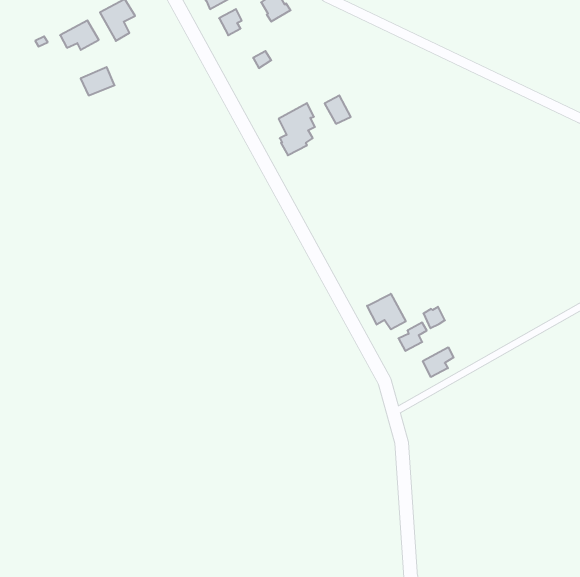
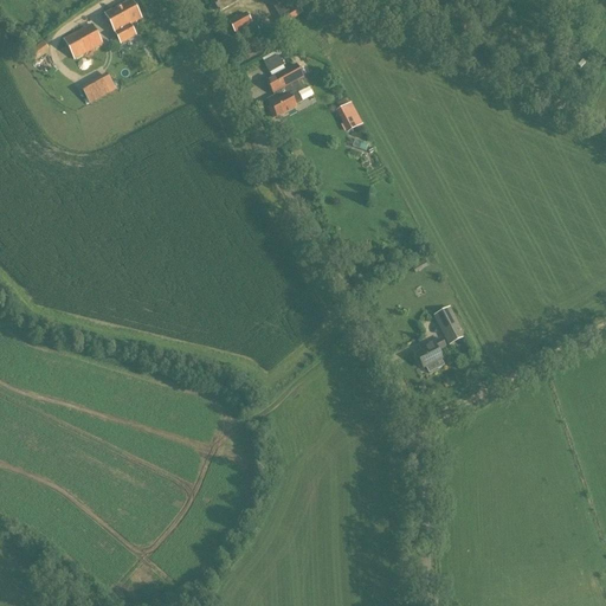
building: [279,103,315,155] -> [266,62,304,116]
building: [367,294,406,329] -> none
building: [423,347,454,377] -> none

